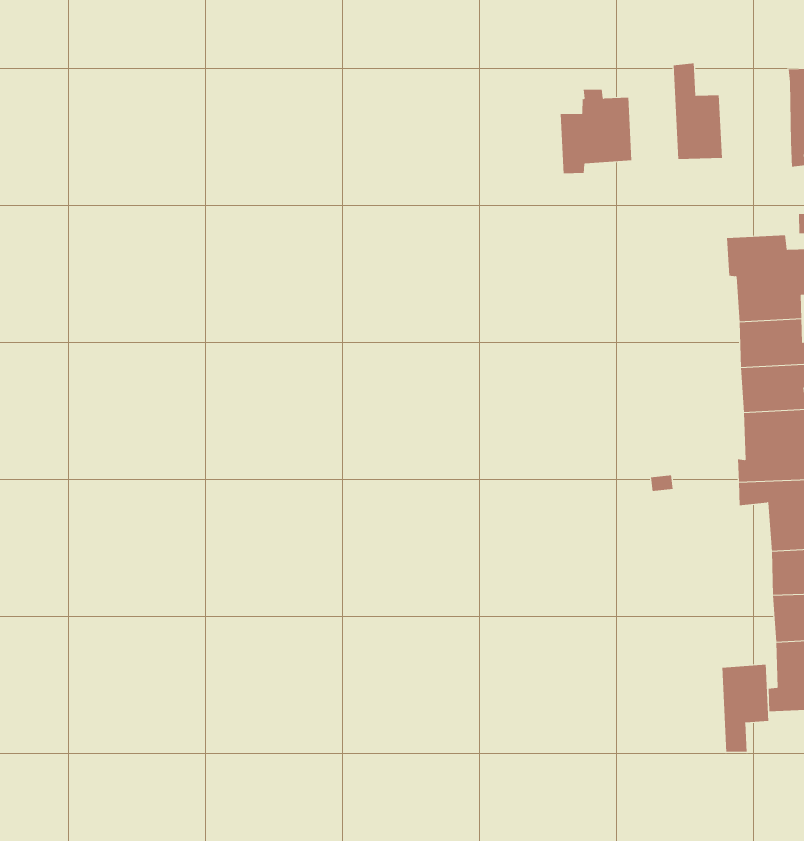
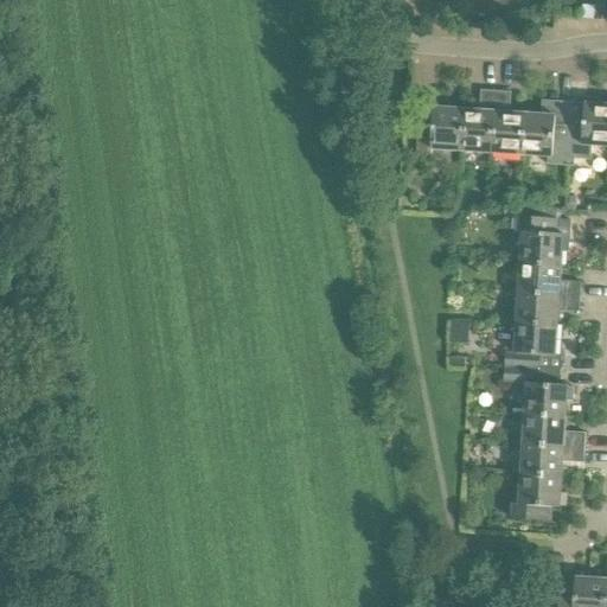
building: none -> [461,89,494,152]
building: none -> [520,98,569,165]
building: [722,664,769,753] -> none

